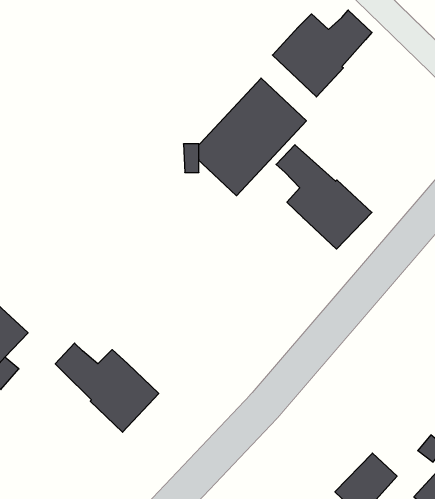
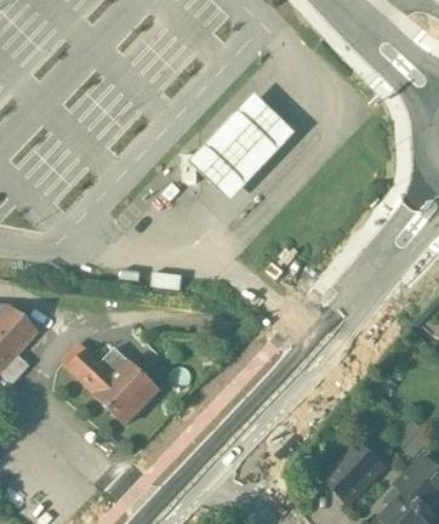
building: [272,10,372,97] -> none
building: [276,145,372,249] -> none

